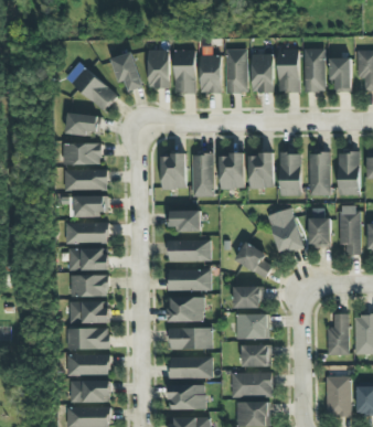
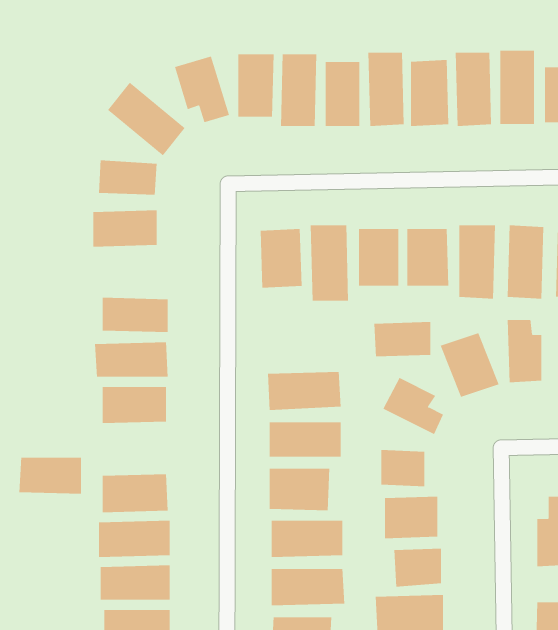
building: [64,170,108,191] -> none
building: [167,210,201,231] -> [373,322,431,357]
building: [70,275,107,297] -> [19,457,82,494]

